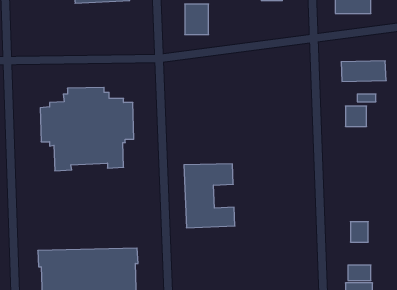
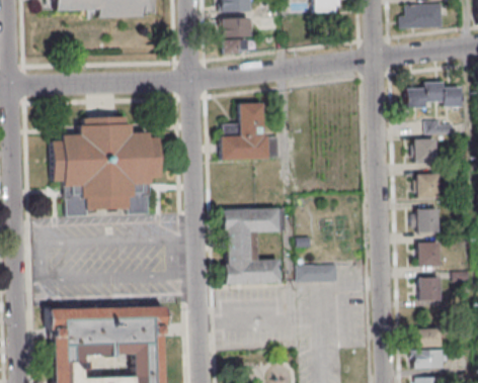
building: none -> [220,101,269,160]
building: none -> [417,173,440,197]
building: none -> [414,207,442,231]
building: none -> [419,242,443,266]
building: none -> [298,264,341,281]

